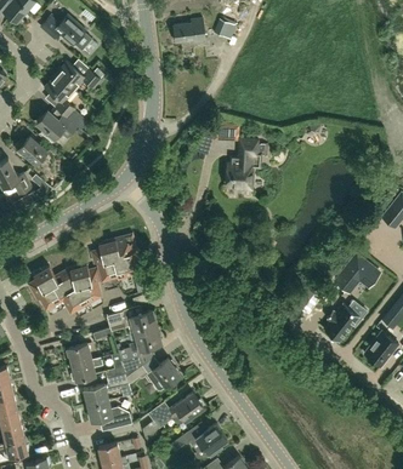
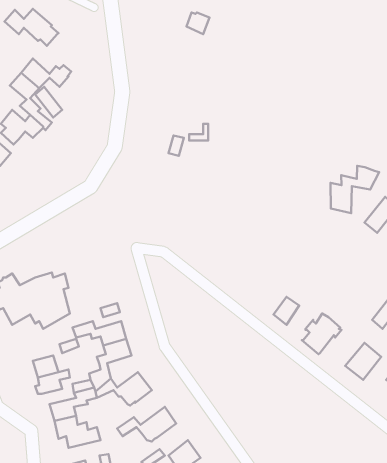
building: [172,19,205,41] -> none
building: [227,139,267,190] -> none
building: none -> [331,166,379,213]
building: [89,235,136,280] -> none
building: [334,254,379,292] -> none

